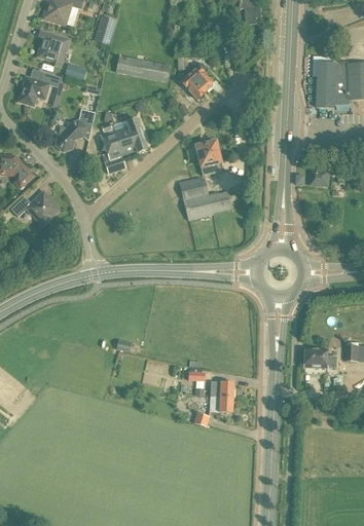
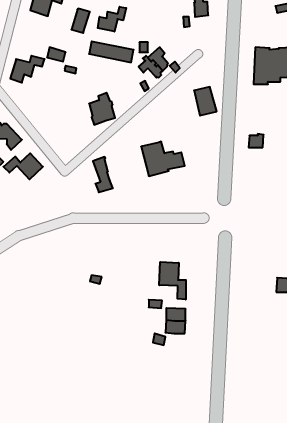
building: none -> [98,7,126,32]
building: [37,33,69,68] -> none
building: [56,109,95,151] -> none
building: [101,129,125,173] -> [93,157,113,192]
building: [195,141,223,176] -> [194,87,217,116]
building: none -> [159,262,186,300]
building: [303,348,337,368] -> none

